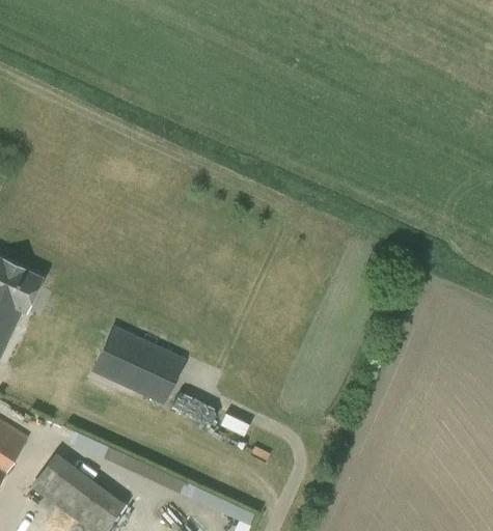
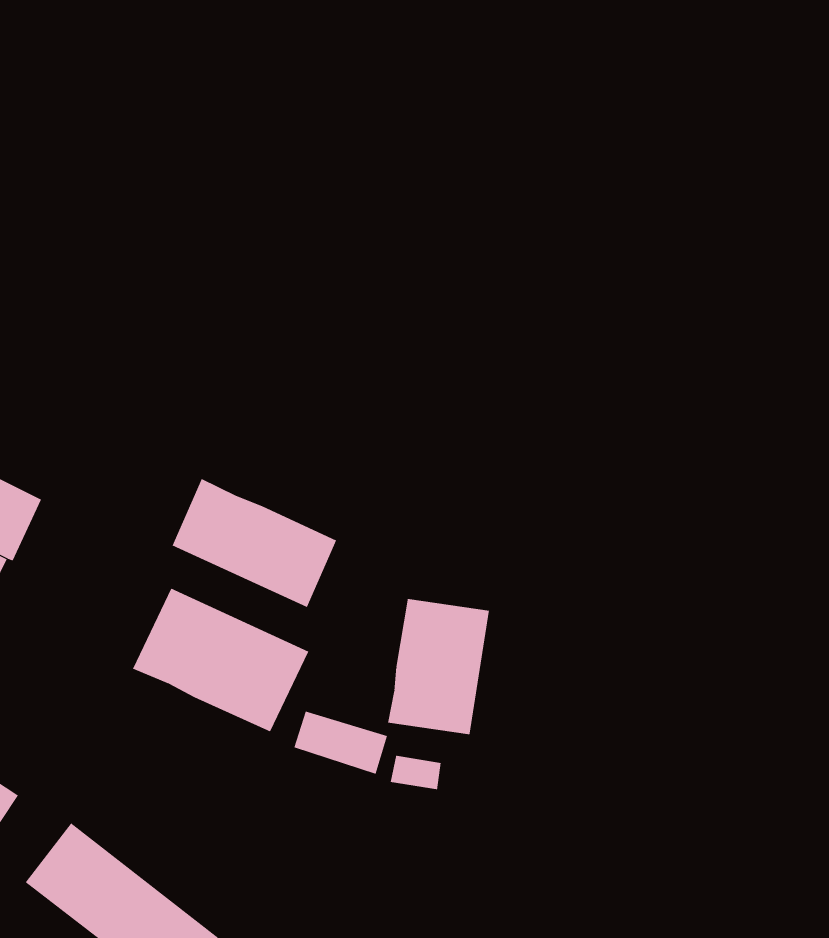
building: none -> [172,478,337,608]
building: none -> [388,598,490,735]

